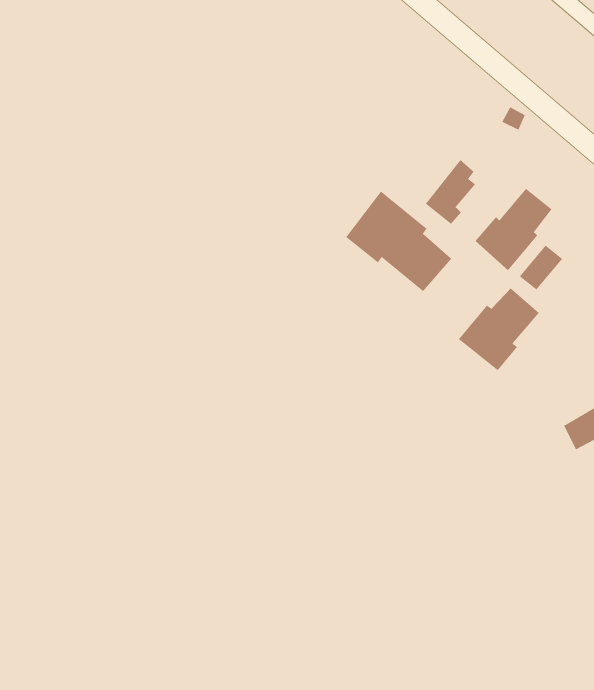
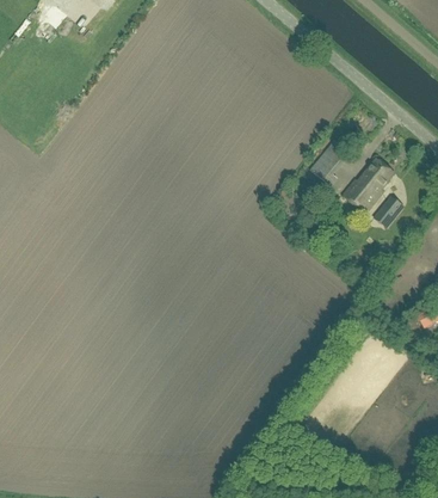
building: [345,191,452,292] -> none
building: [458,287,540,371] -> none

